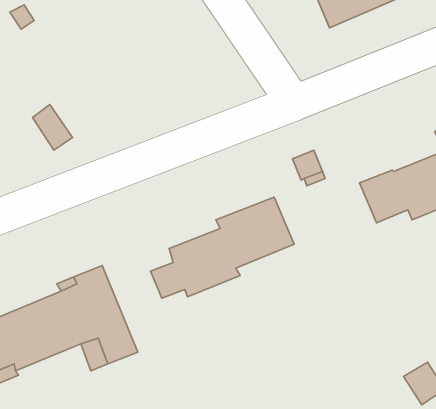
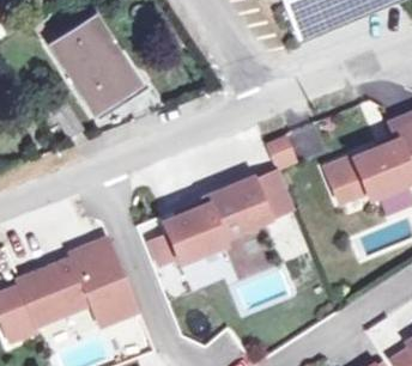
building: none -> [54,20,141,115]
building: none -> [254,169,295,218]

